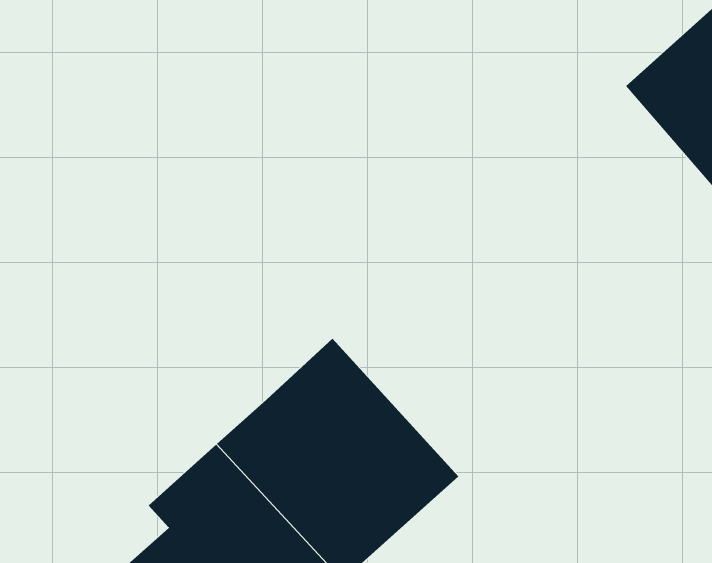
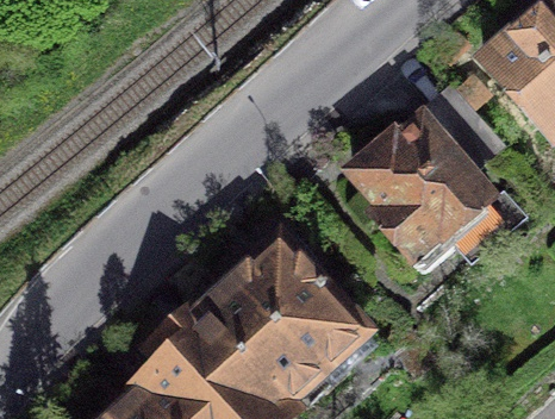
building: none -> [351,88,503,273]

